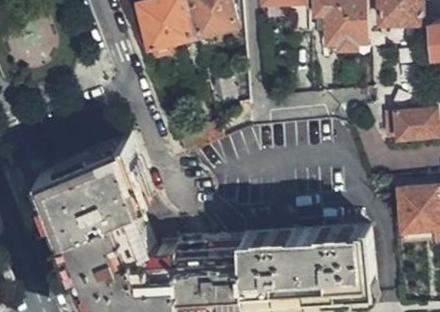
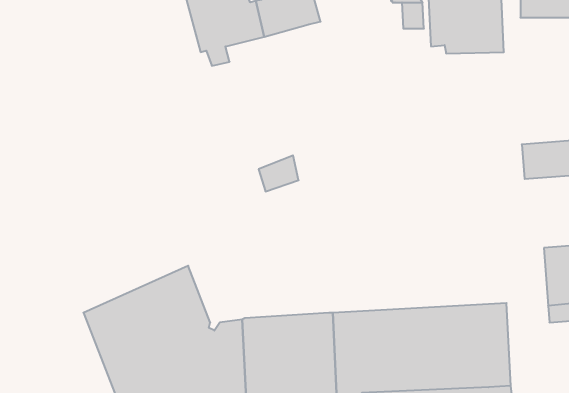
building: [39,141,153,240] -> none

